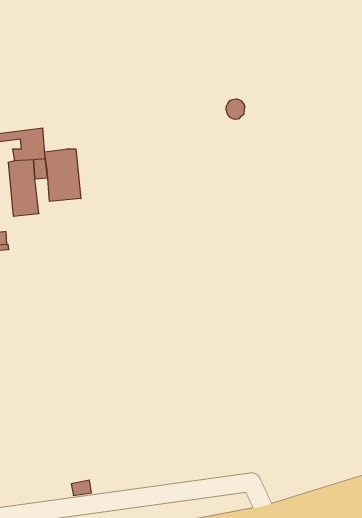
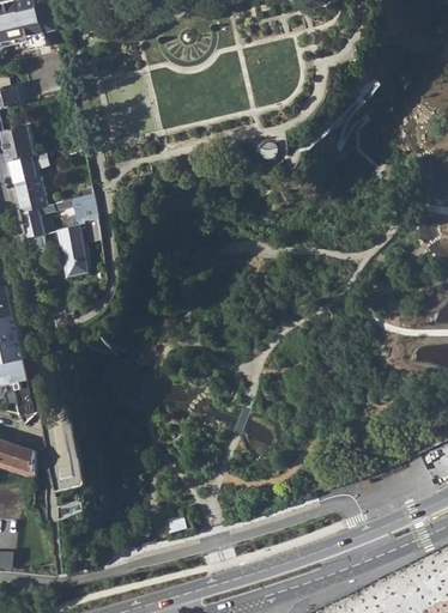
building: [45,149,81,201] -> none

